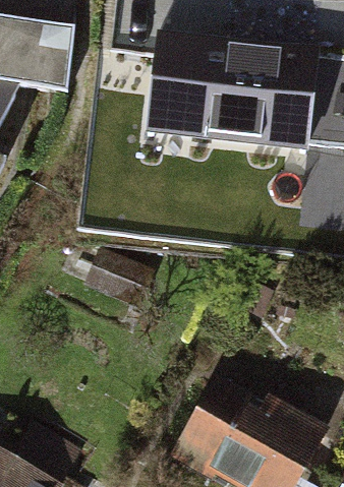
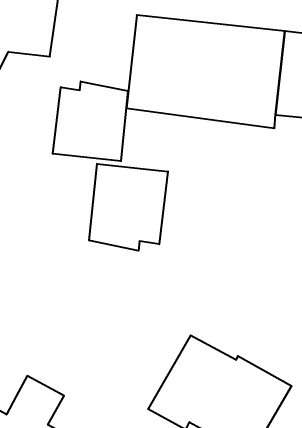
building: none -> [53,81,128,161]
building: none -> [89,164,168,251]

